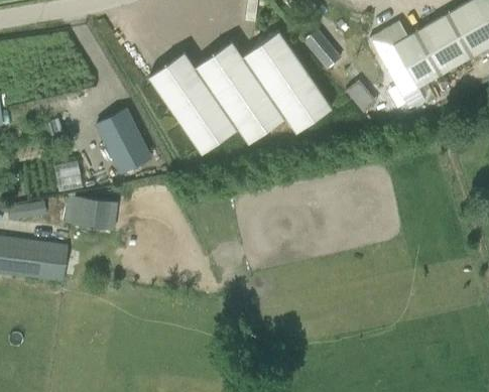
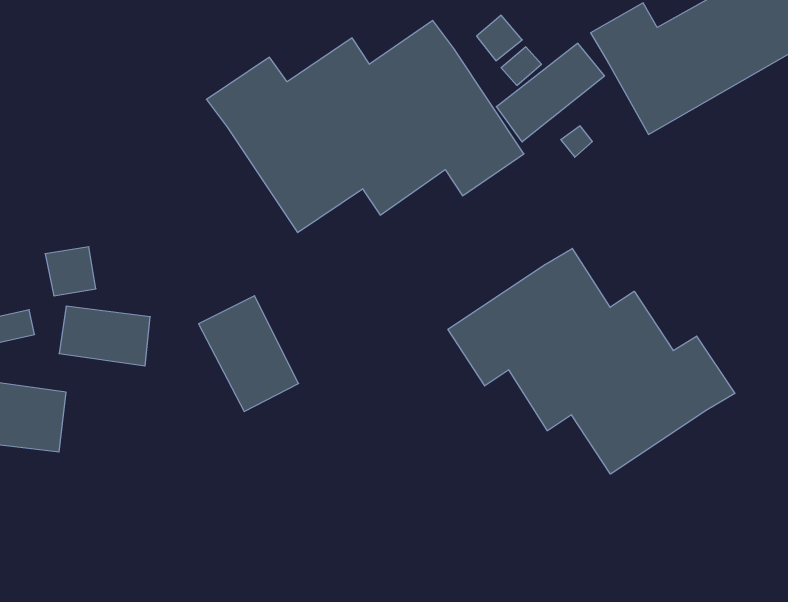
building: none -> [496,43,604,142]
building: [95,108,152,174] -> [199,296,299,411]
building: none -> [448,248,735,474]

